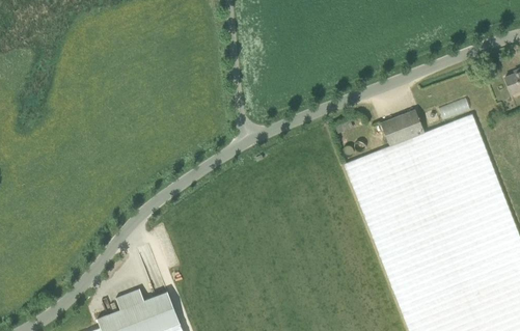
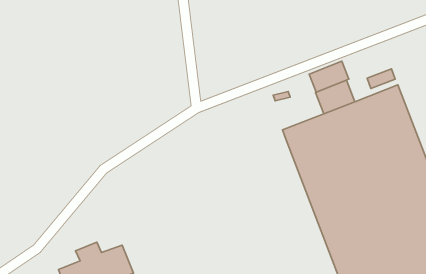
building: none -> [309,61,349,92]

